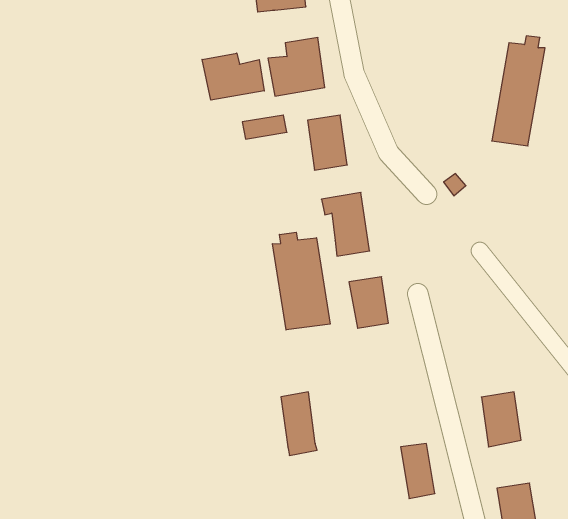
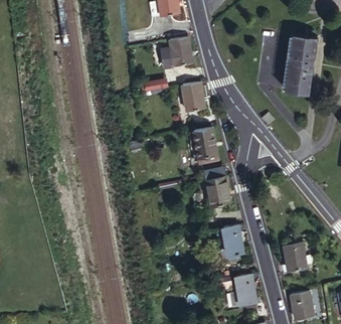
building: [202,53,264,100] -> none
building: [272,232,330,330] -> none
building: [281,392,317,455] -> [221,222,242,260]

